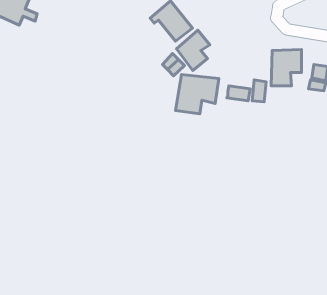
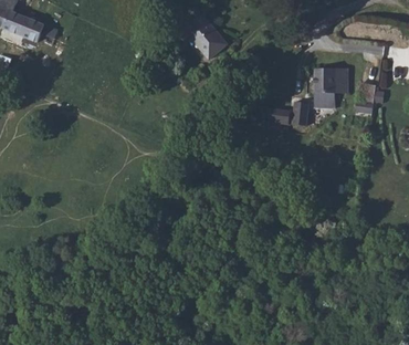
building: [177,30,210,70] -> none
building: [175,75,219,114] -> none

